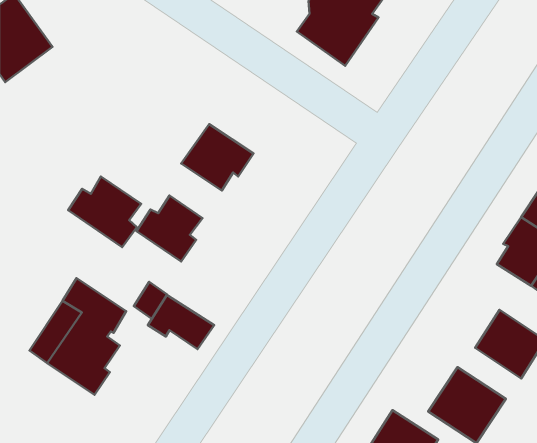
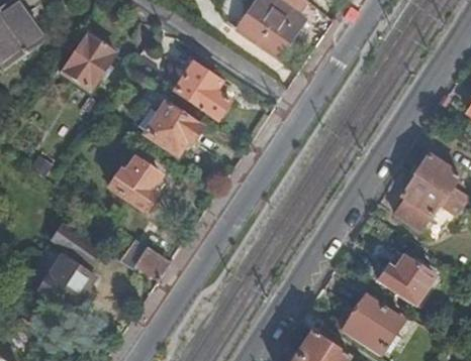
building: none -> [61,32,115,90]
building: none -> [175,62,229,119]
building: [68,177,141,247] -> none

